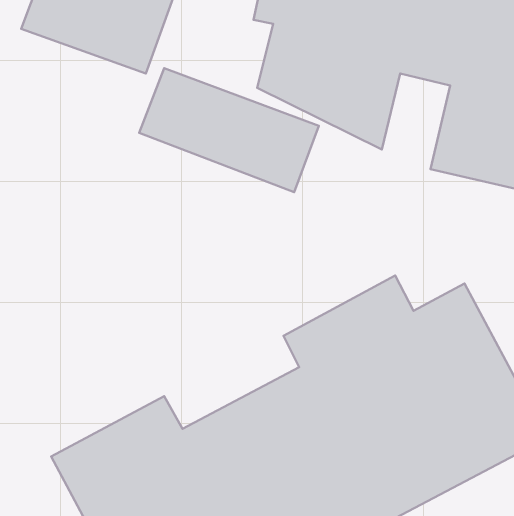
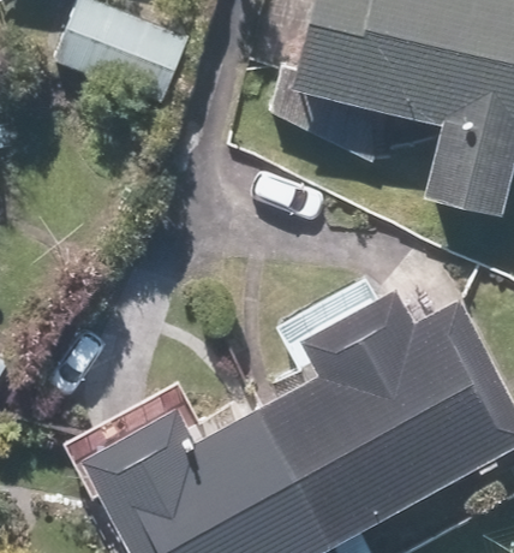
building: [139,68,319,192] -> none

